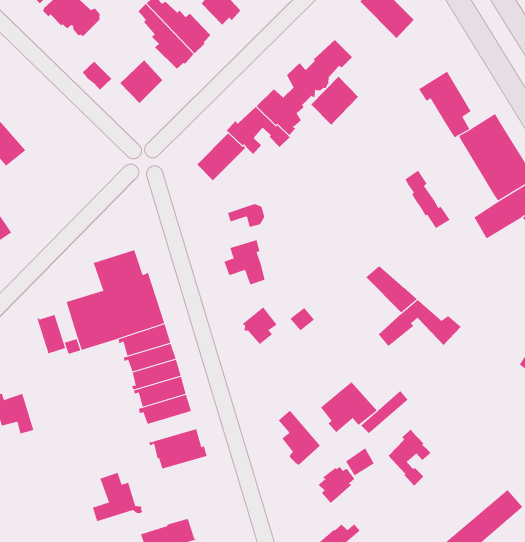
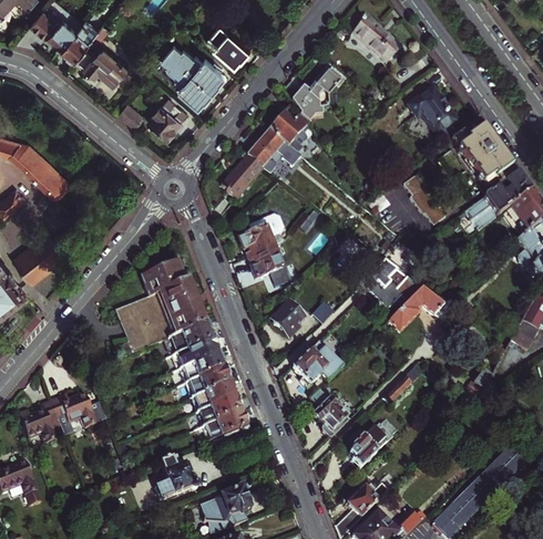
building: [311,76,359,125] -> none
building: none -> [239,226,278,253]
building: [37,314,66,354] -> none
building: [320,382,377,433] -> [293,342,342,387]
building: none -> [192,397,238,426]
building: [388,429,431,487] -> none

